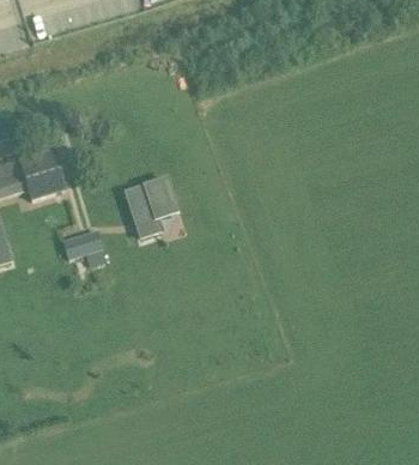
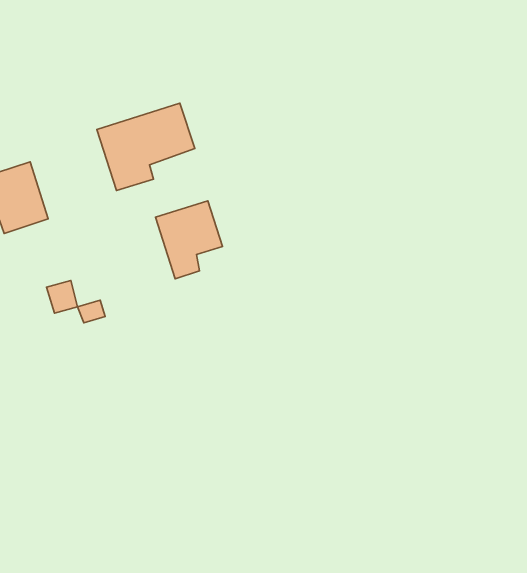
building: none -> [97,103,195,191]

